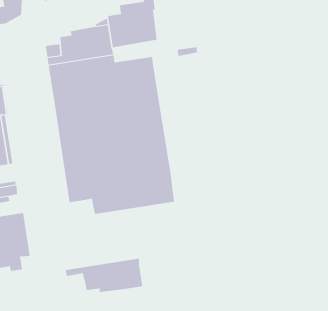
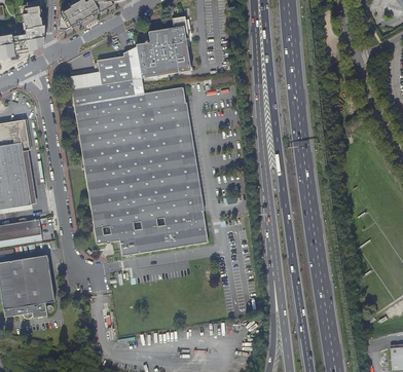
building: [65,258,143,293] -> none

